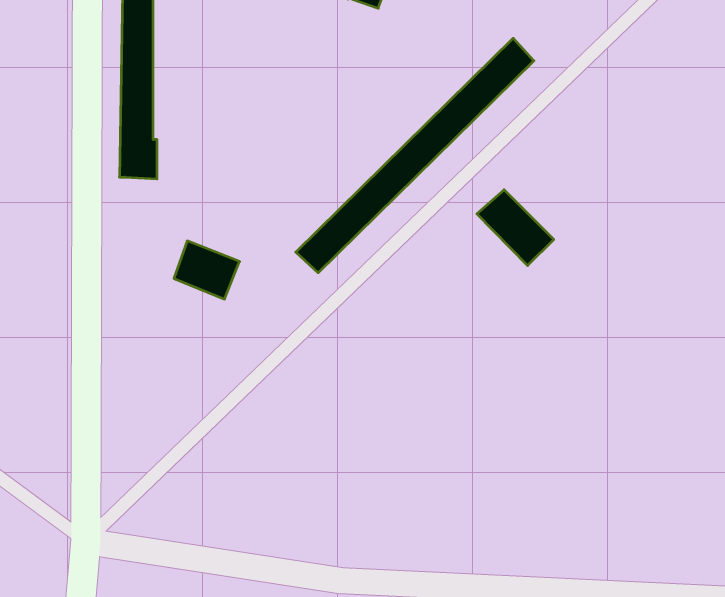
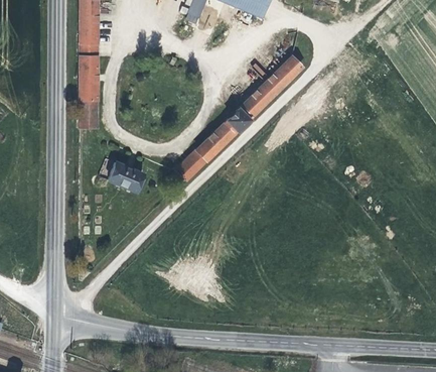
building: [477,190,554,266] -> none

